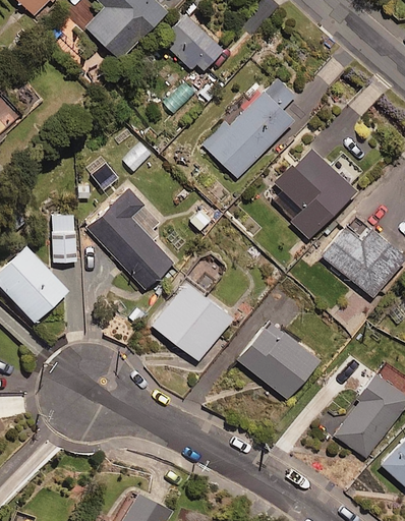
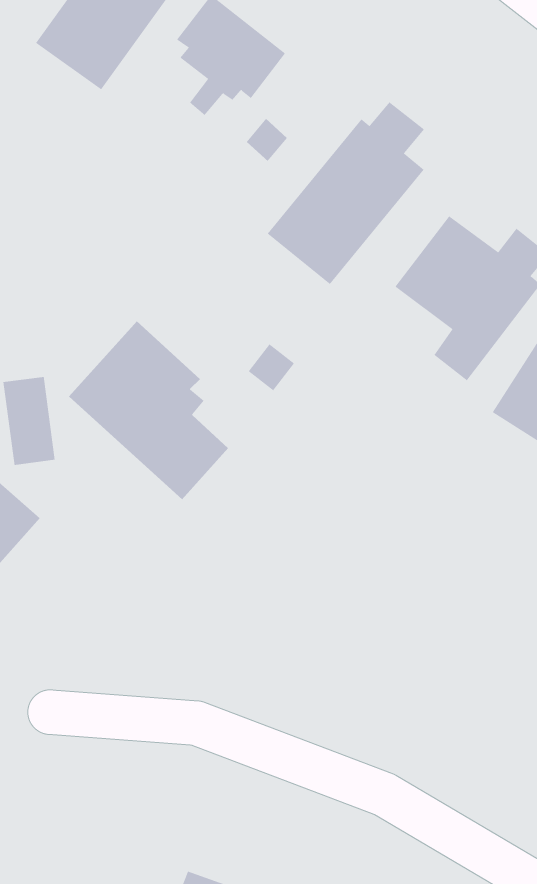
building: [152,254,235,362] -> none
building: [237,320,320,400] -> none

